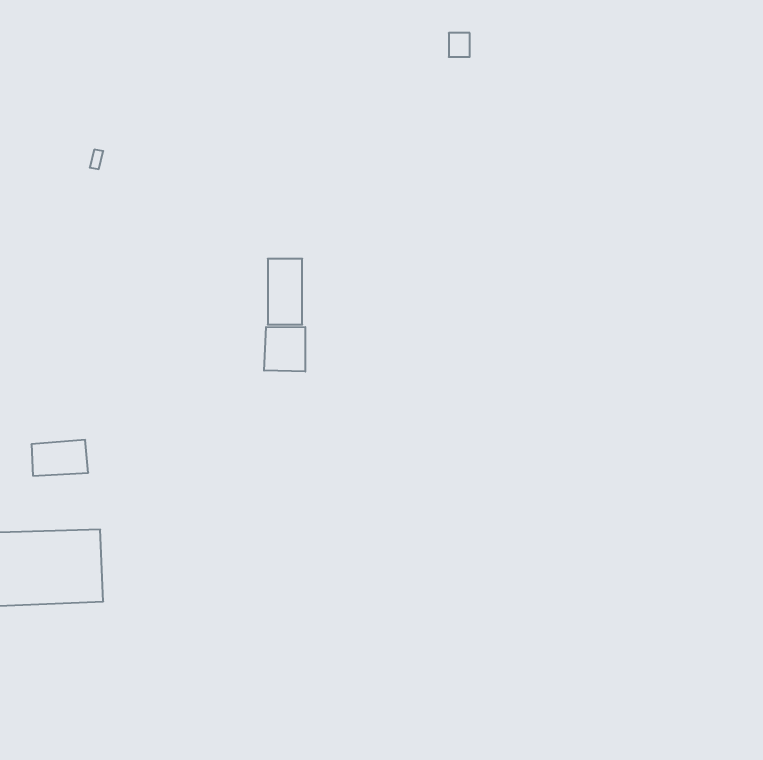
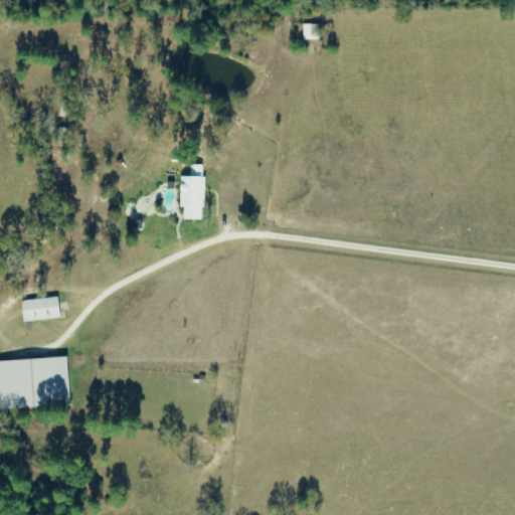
building: [264,327,305,372] -> none

